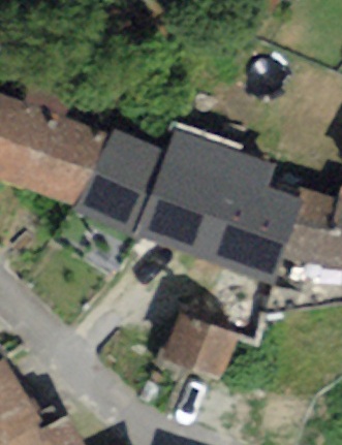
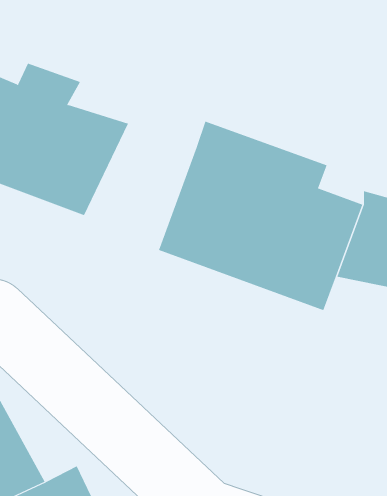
building: [74,127,165,234] -> none
building: [157,310,237,383] -> none

